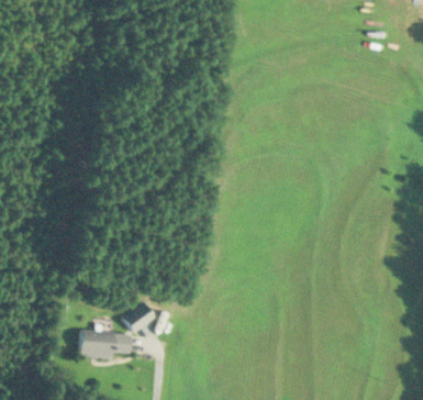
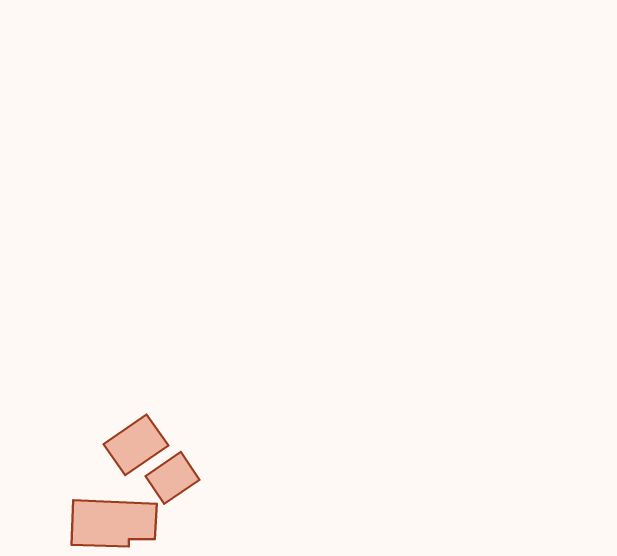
building: none -> [103,415,168,475]

